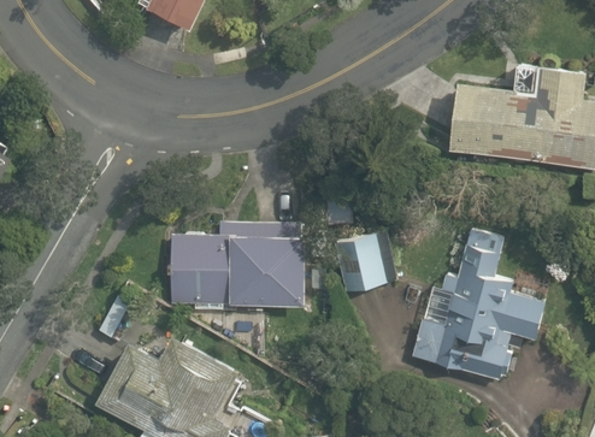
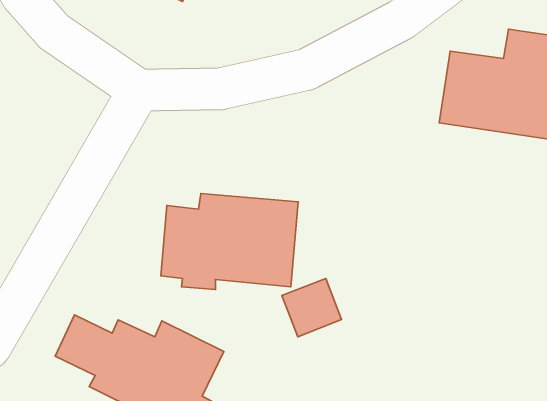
building: [410,231,544,384] -> none
building: [337,236,396,294] -> [282,278,342,337]

